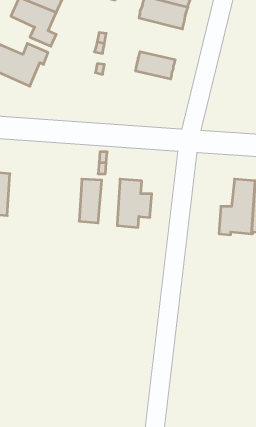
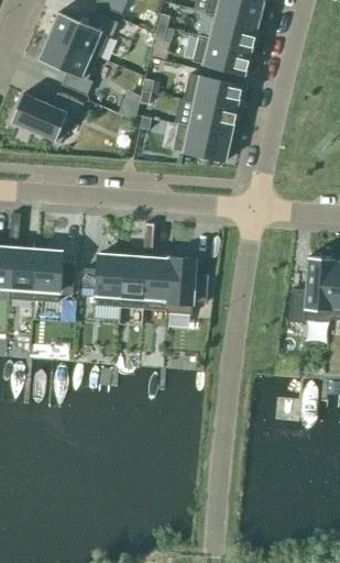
building: none -> [183,73,242,111]
building: none -> [173,122,231,159]
building: none -> [33,249,74,301]
building: none -> [81,253,123,306]
building: none -> [143,256,169,309]

